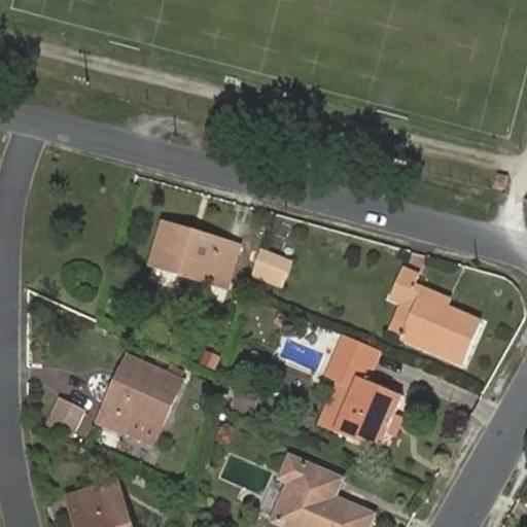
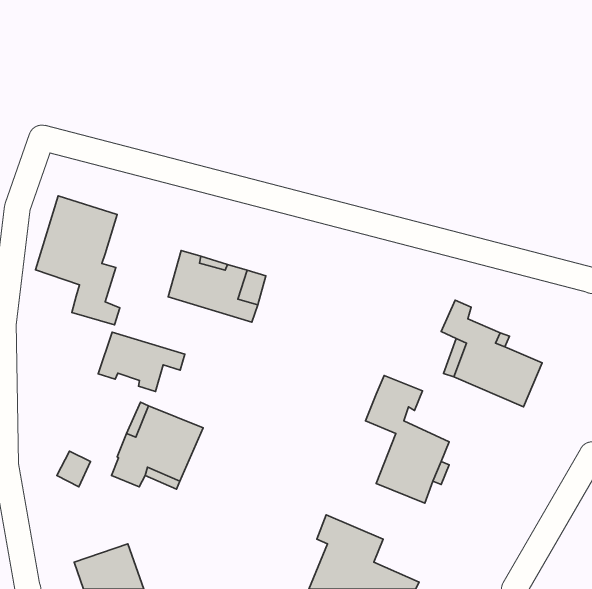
building: none -> [36,196,120,325]
building: [250,246,293,286] -> none
building: none -> [98,332,185,392]

